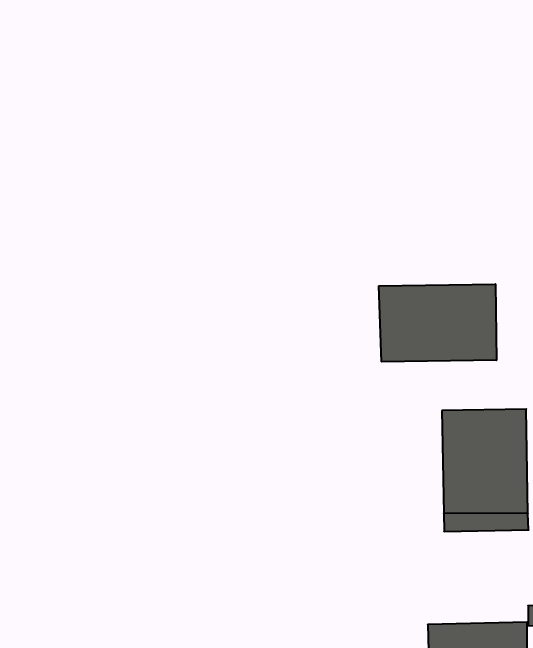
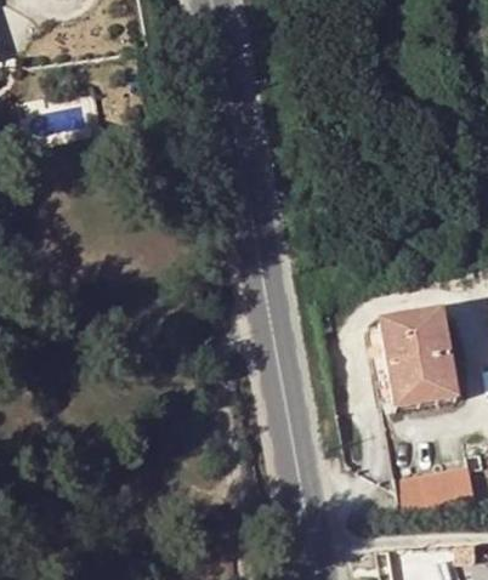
building: [379,284,496,362] -> none

